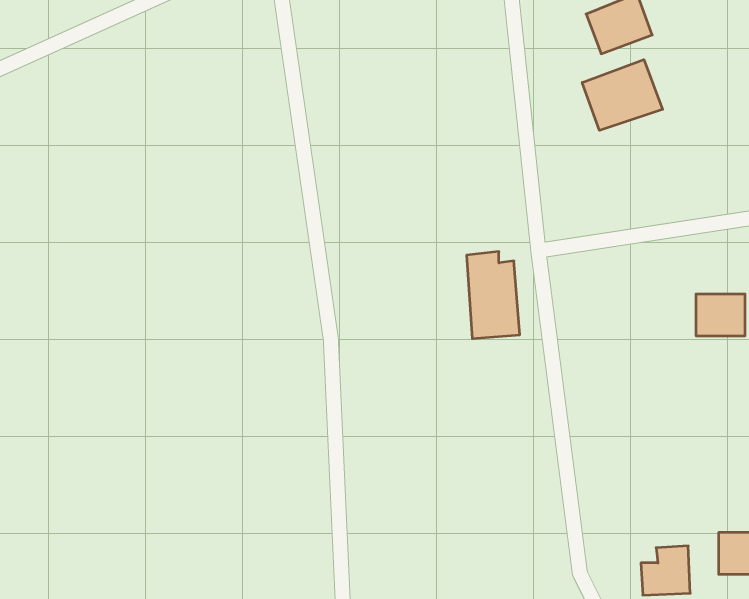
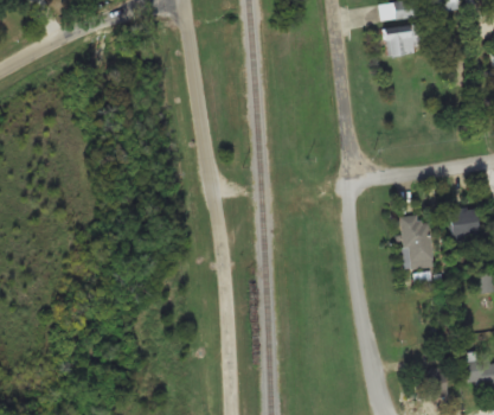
building: [582,60,663,130] -> none
building: [467,252,520,339] -> [400,215,434,269]

